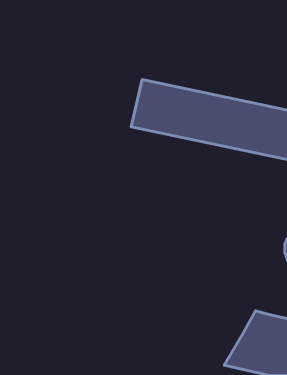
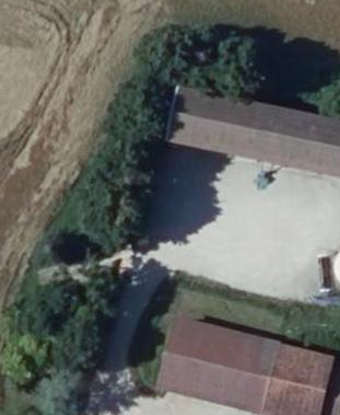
building: none -> [162,313,290,403]

